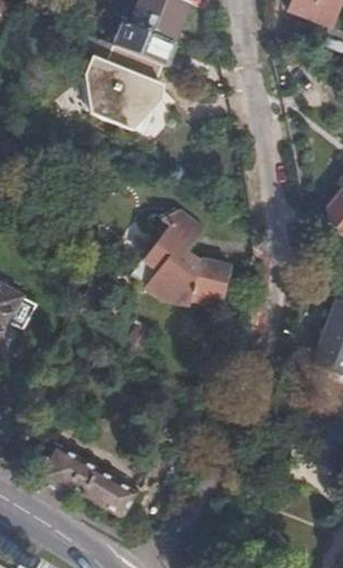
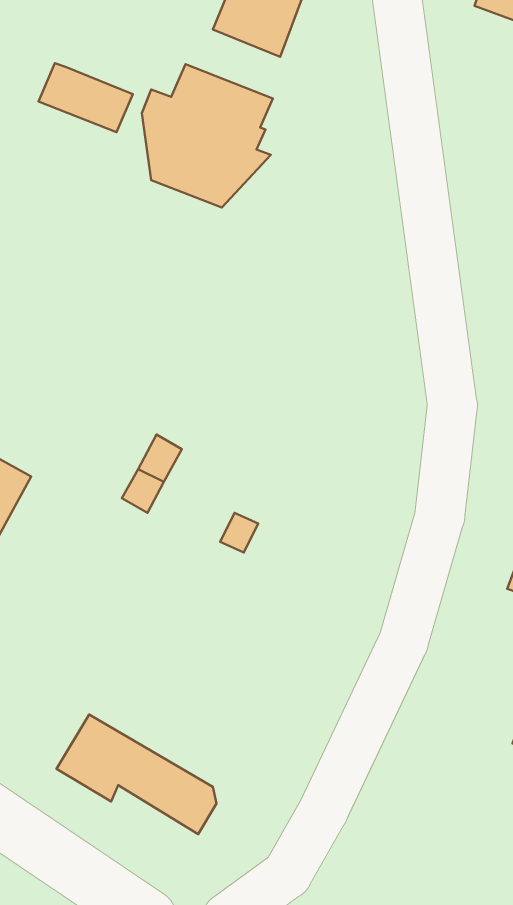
building: [114,22,172,64] -> [38,63,133,132]
building: [147,213,232,304] -> none

